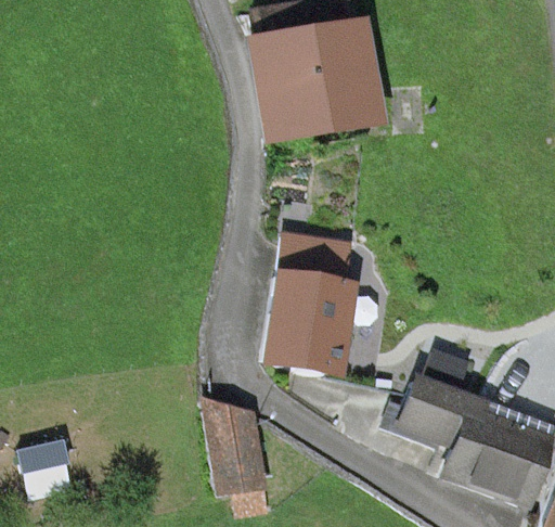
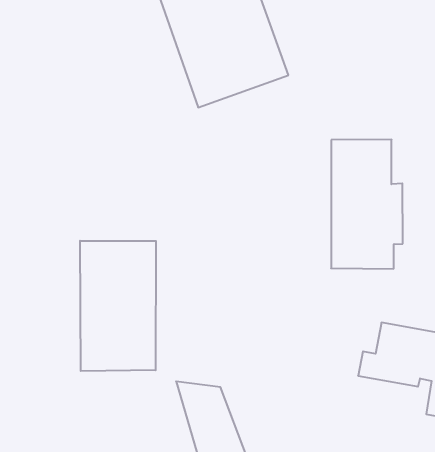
building: [268,239,351,374] -> [331,140,403,269]
building: none -> [80,241,156,371]

